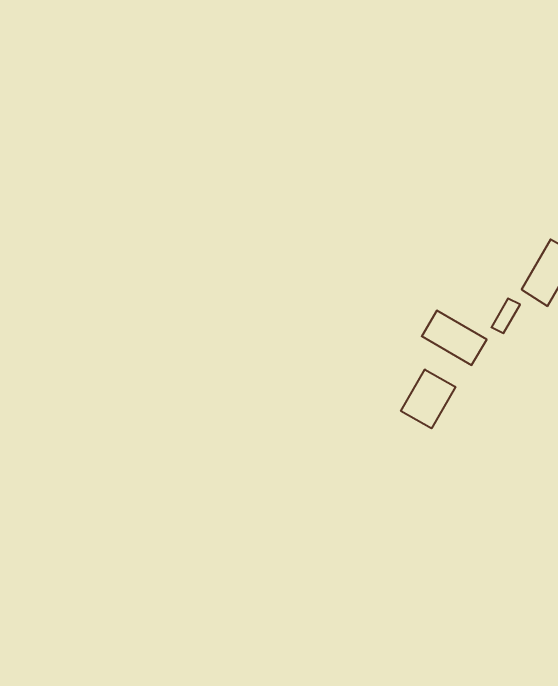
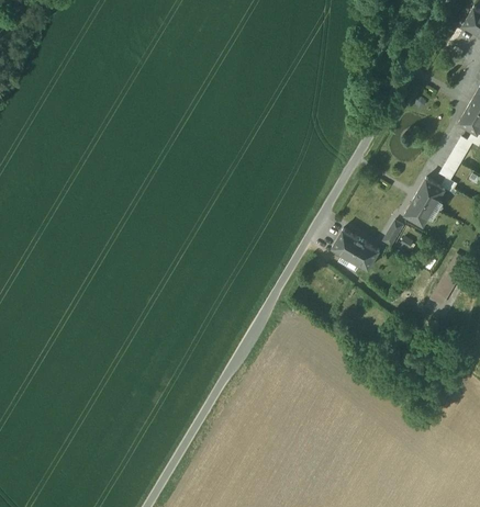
building: [401,369,455,428] -> none

